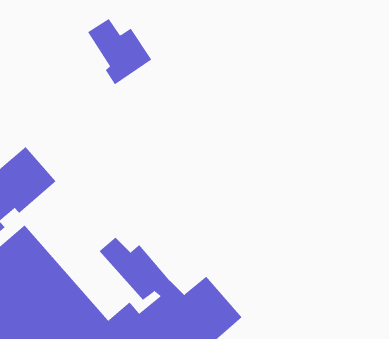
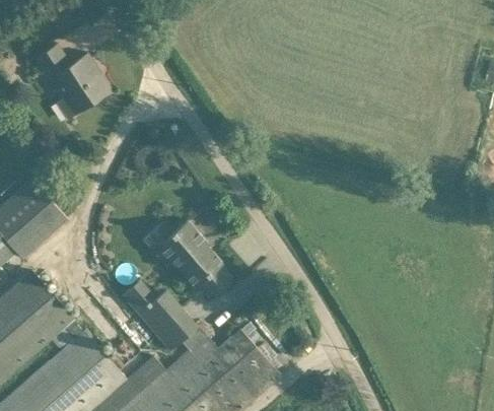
building: [87,18,152,85] -> [37,41,112,118]
building: none -> [144,219,232,295]

